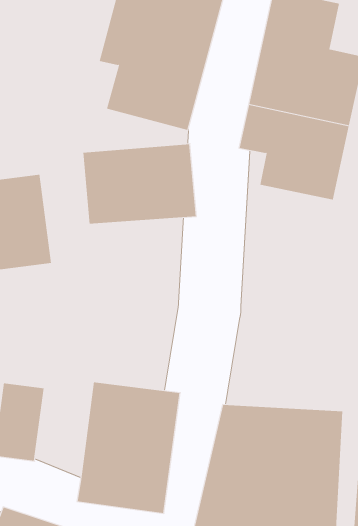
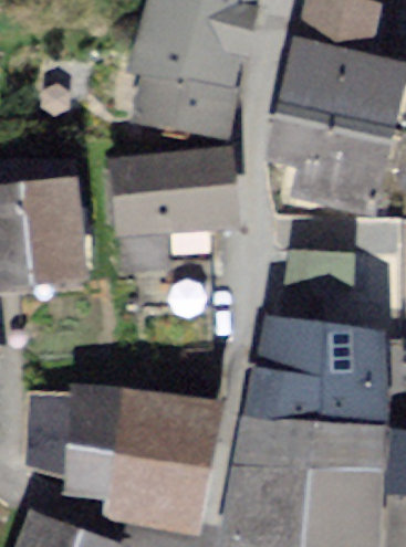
building: none -> [258,322,386,420]
building: none -> [64,383,126,492]

